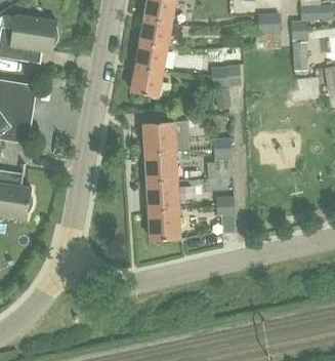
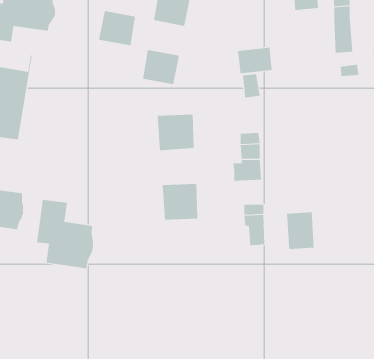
building: [134,42,166,72] -> [98,11,136,46]
building: [144,150,176,180] -> none
building: none -> [37,199,94,269]
building: none -> [287,212,314,250]
building: [149,209,179,240] -> none

